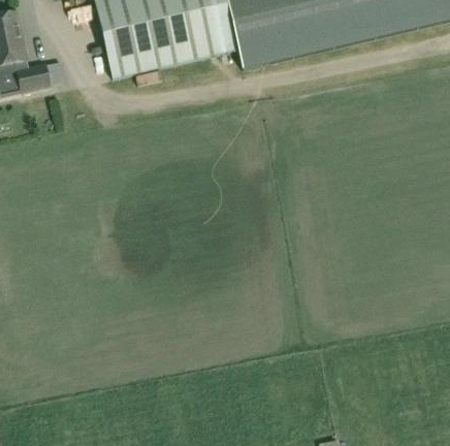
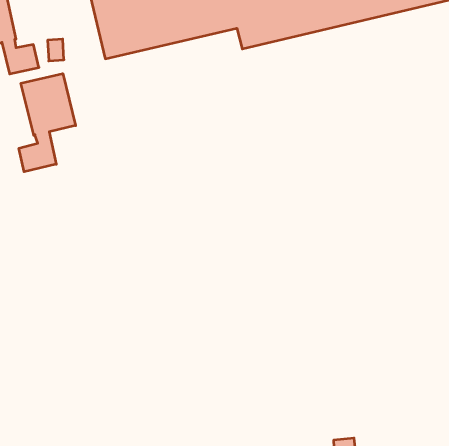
building: none -> [19,74,76,172]

